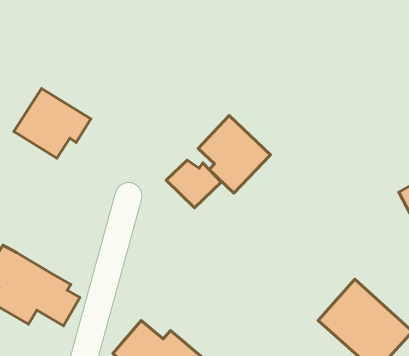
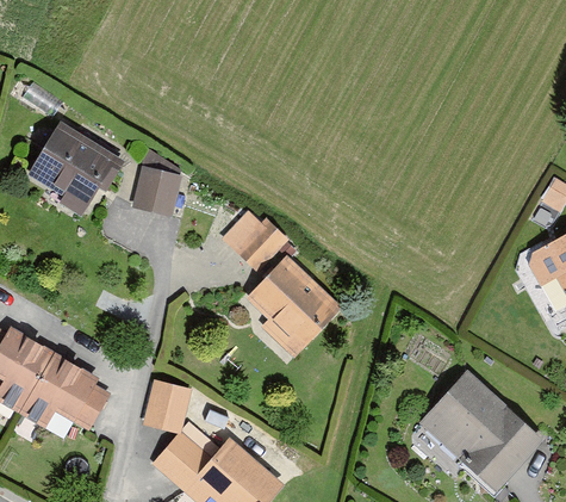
building: [198,115,270,193] -> [245,255,340,357]
building: none -> [132,167,185,219]
building: none -> [143,382,193,433]

